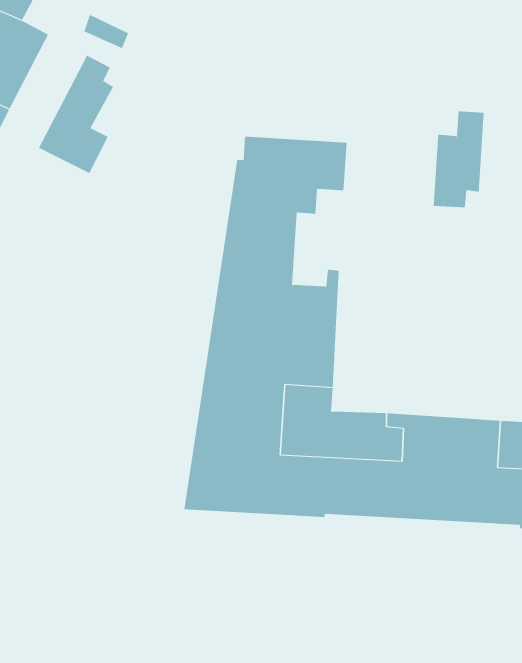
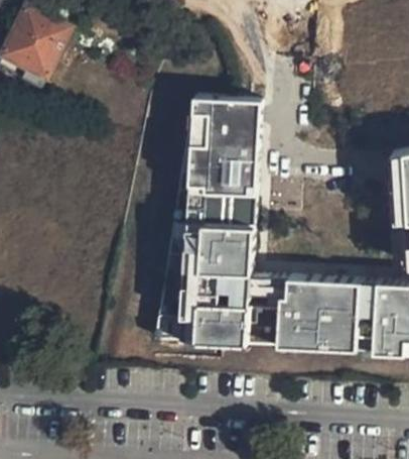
building: [38,55,114,174] -> none
building: [433,111,484,208] -> [228,134,261,197]

